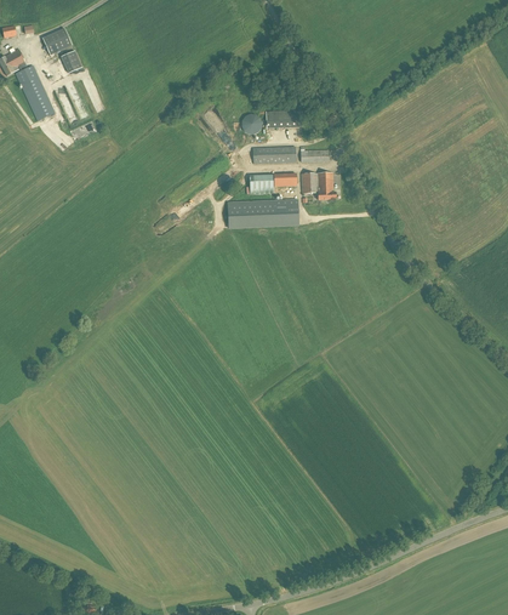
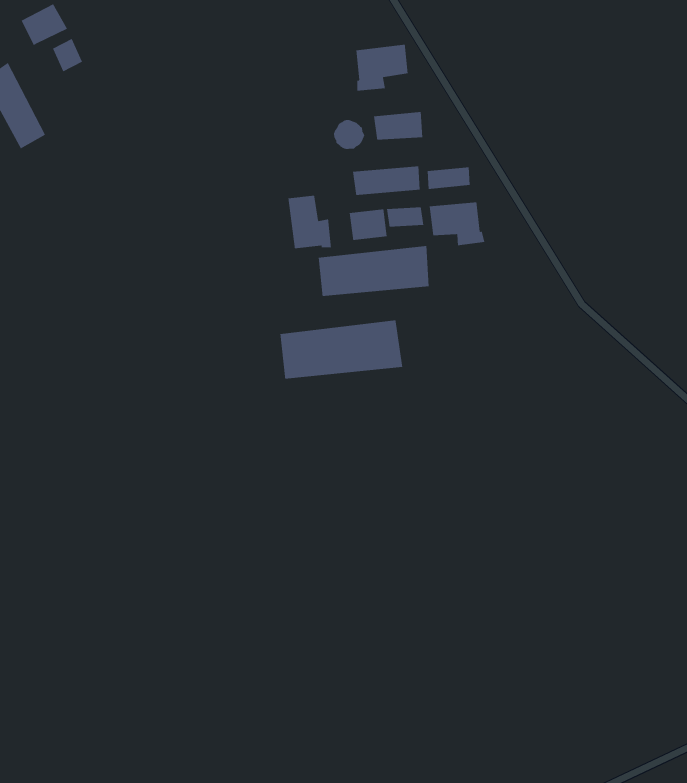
building: none -> [356,44,408,91]
building: none -> [288,195,332,249]
building: none -> [280,320,403,380]

